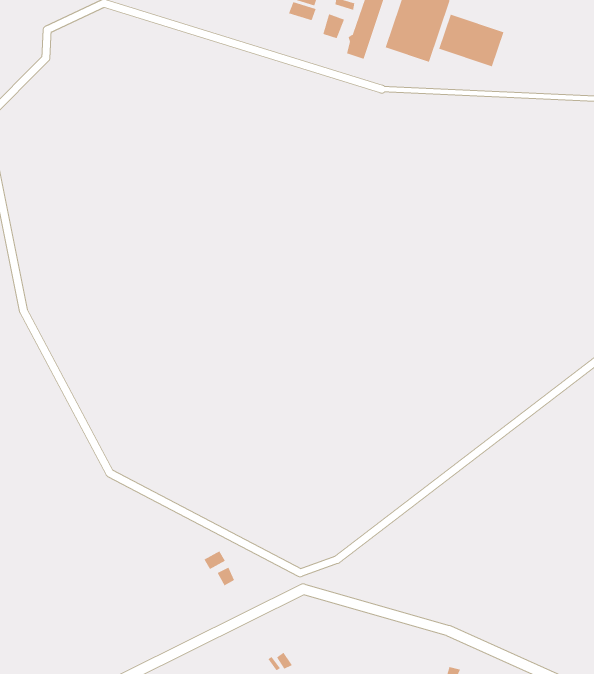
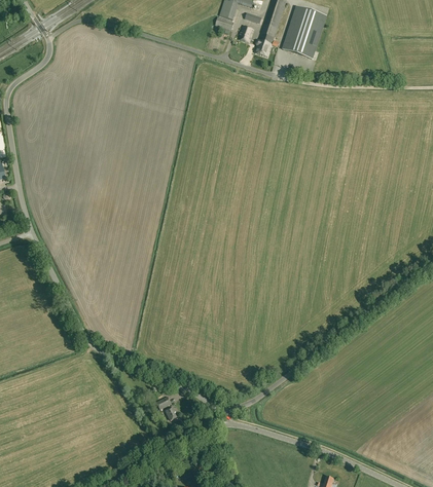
building: [439,14,504,67] -> none

